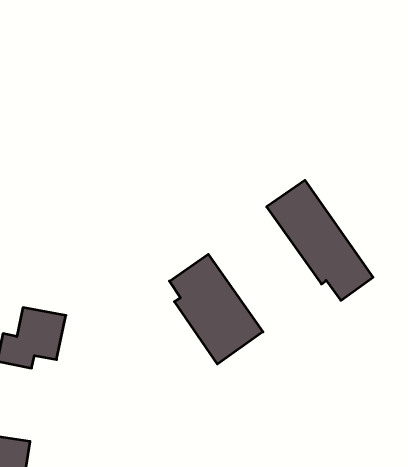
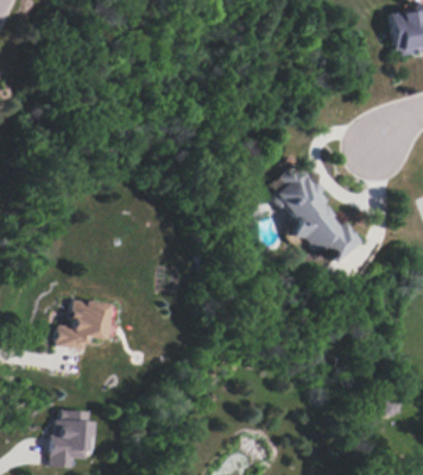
building: [169,254,263,364] -> none

